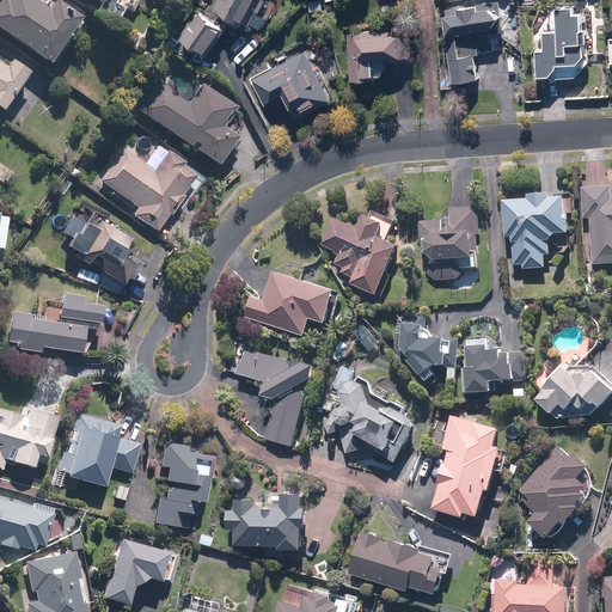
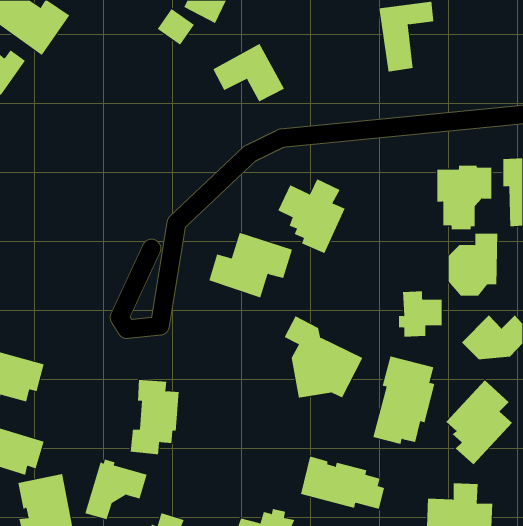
building: [526,6,594,82] -> none
building: [345,32,411,81] -> none
building: [133,80,237,166] -> none
building: [94,145,195,237] -> none
building: [417,207,476,280] -> [448,233,498,296]
building: [59,214,139,284] -> none
building: [5,293,100,351] -> none
building: [403,320,453,380] -> none
building: [239,348,320,447] -> none
building: [56,410,135,484] -> none
building: [227,490,311,550] -> none

